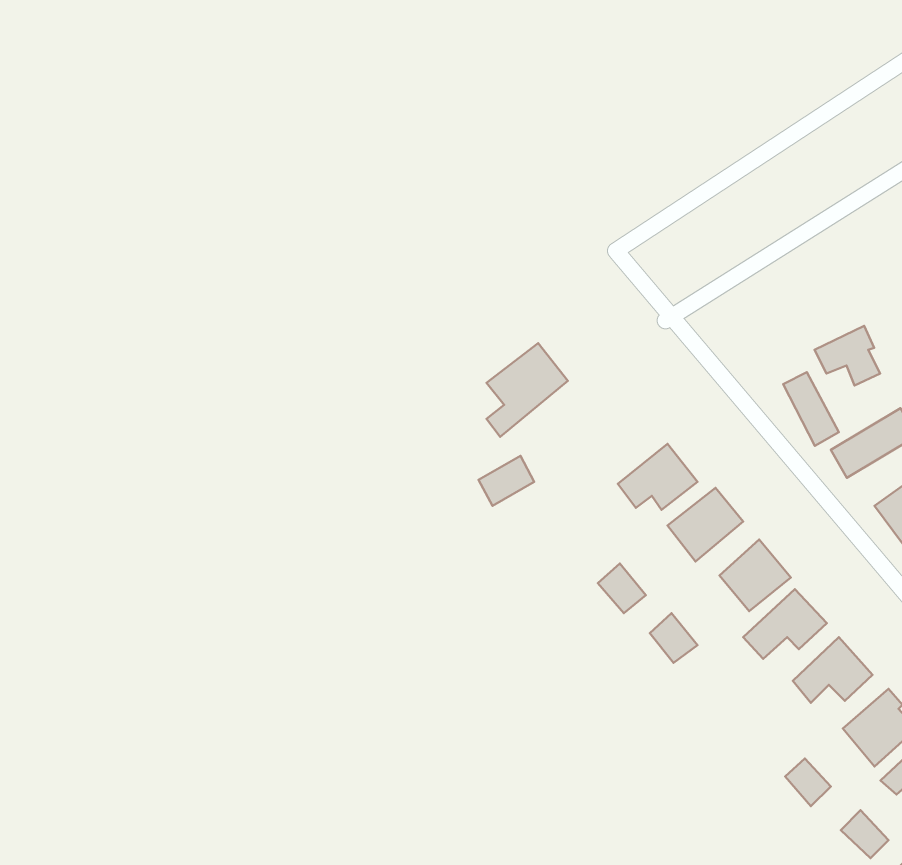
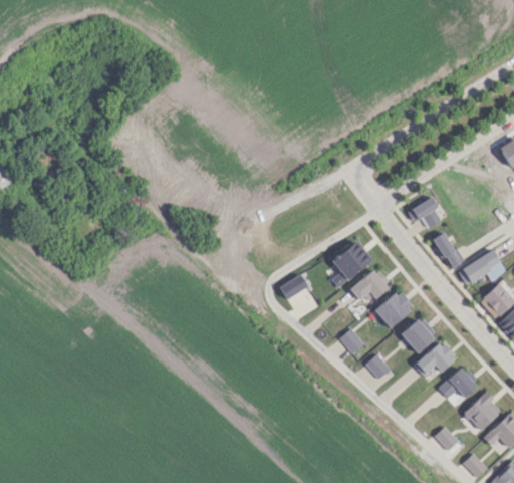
building: [815,326,880,386] -> [408,198,441,228]
building: [486,343,568,437] -> [331,241,372,288]

